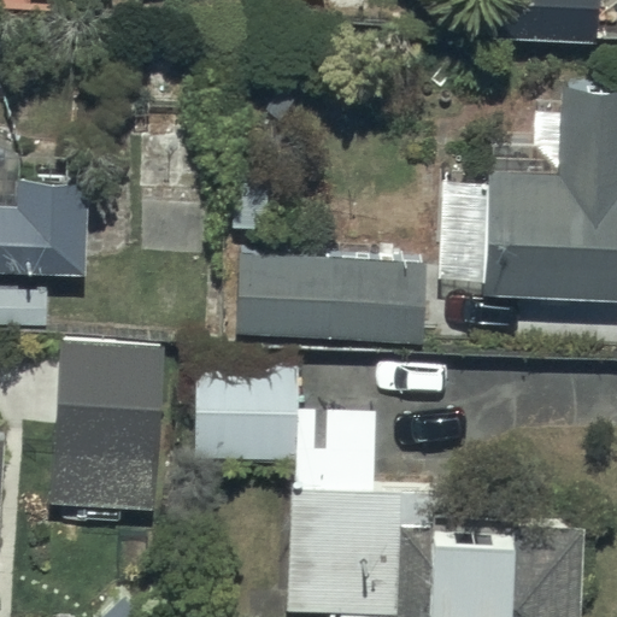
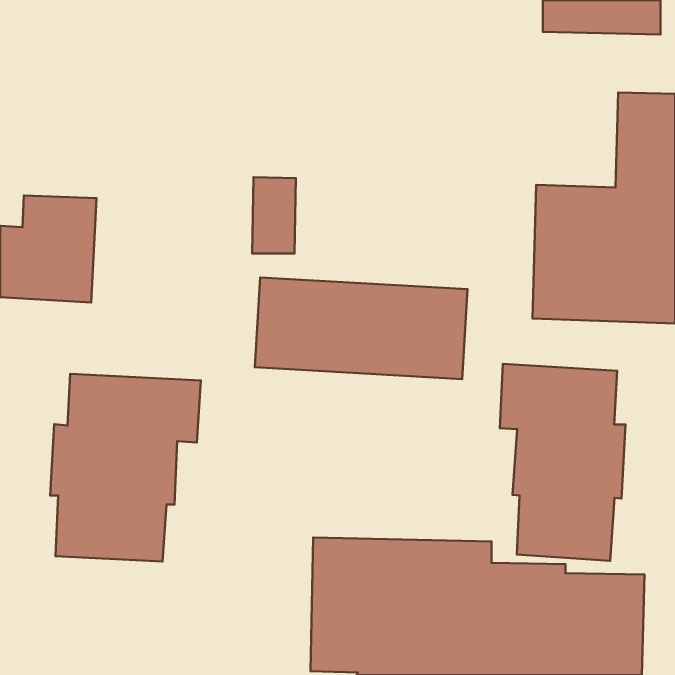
building: none -> [500,364,626,561]
building: [190,357,298,464] -> none

